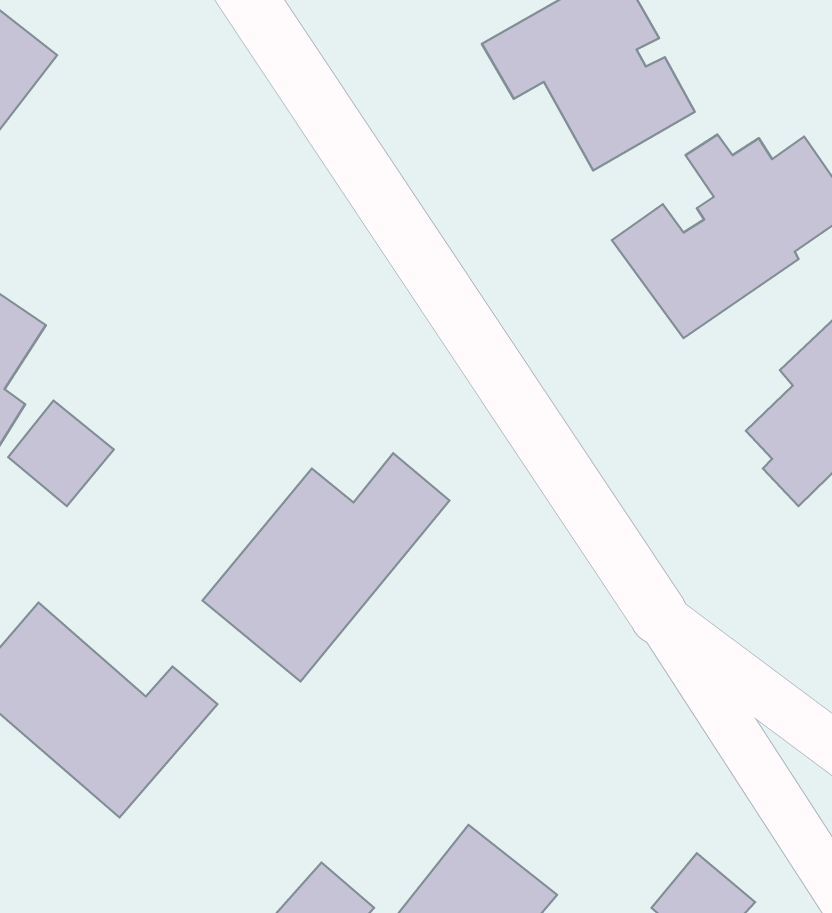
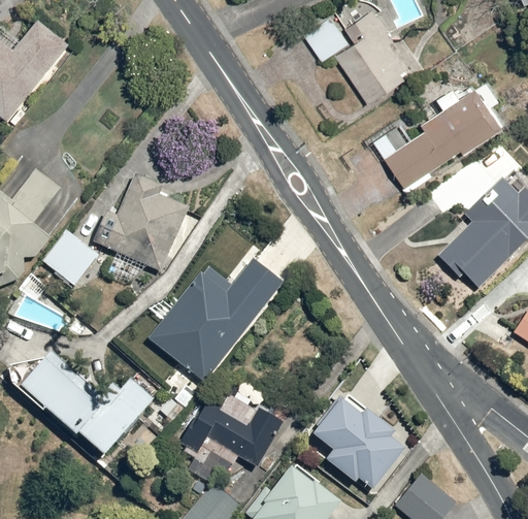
building: none -> [95,173,190,274]
building: none -> [174,391,287,466]
building: none -> [310,392,411,493]

